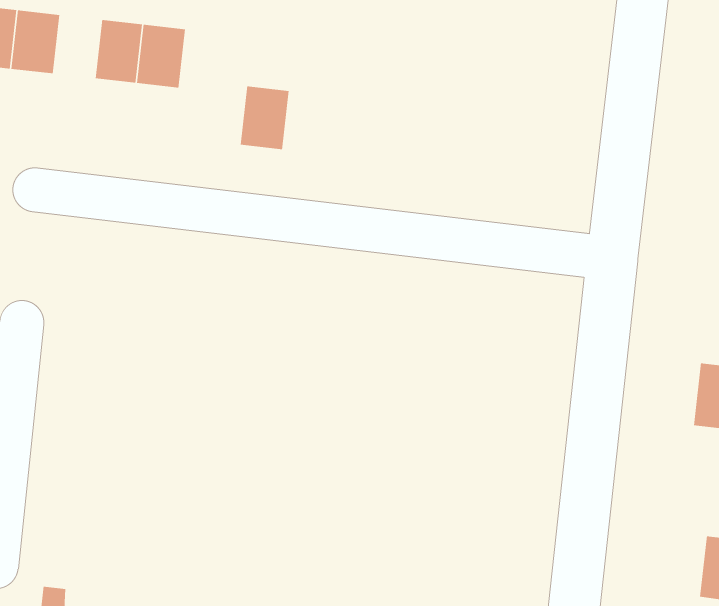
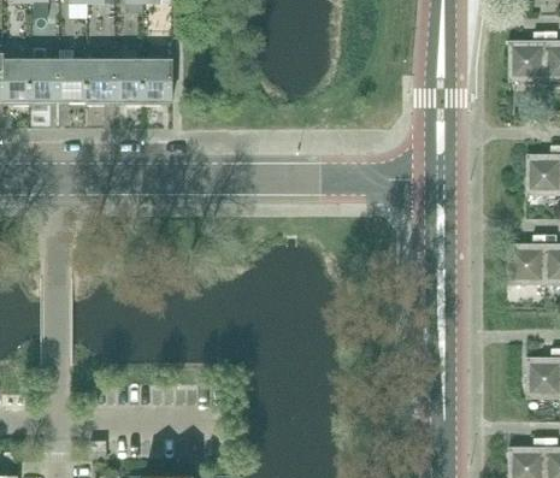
building: none -> [59,60,87,100]
building: [240,86,290,150] -> [143,60,172,100]

